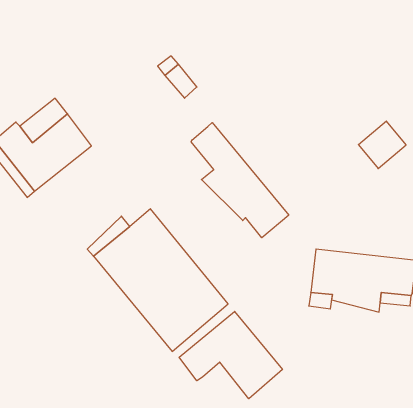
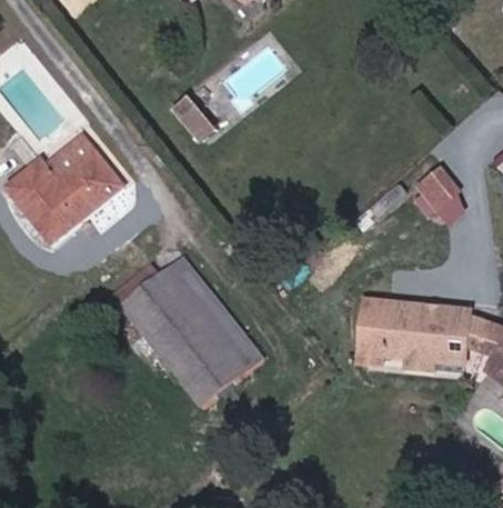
building: [191,123,289,238] -> none
building: [179,311,282,399] -> none

